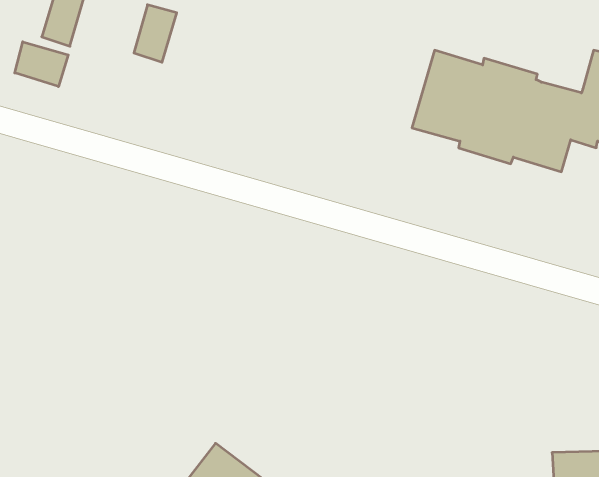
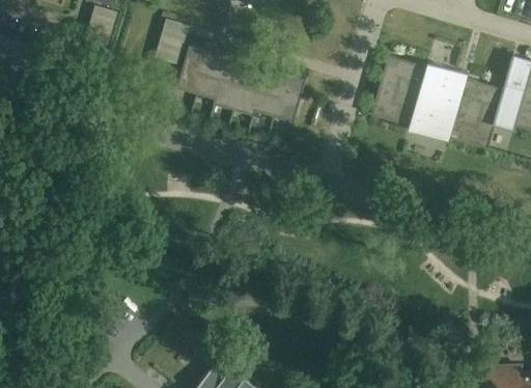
building: none -> [175,44,305,121]
building: [15,42,68,87] -> none

